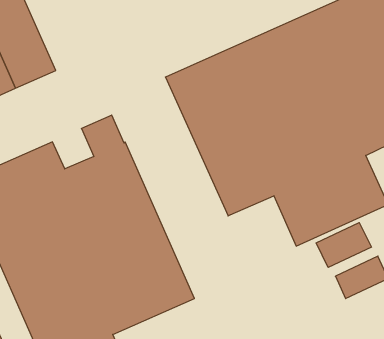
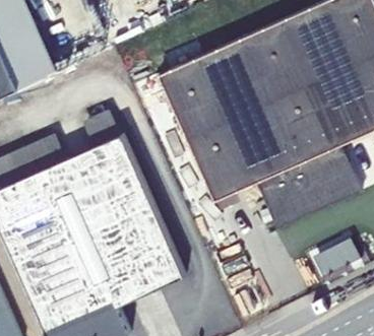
building: [316,223,371,267] -> none

